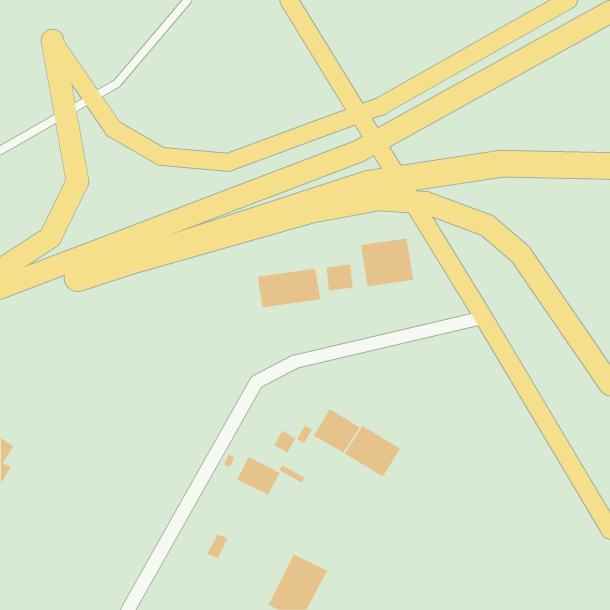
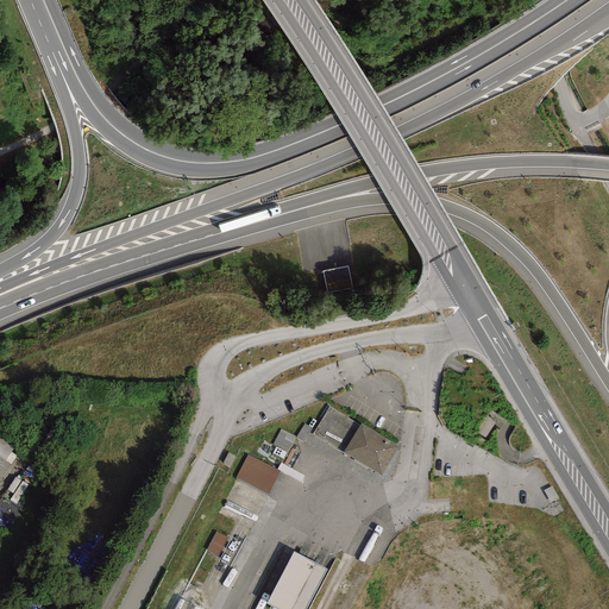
building: [360,238,414,287] -> none
building: [257,268,321,308] -> none

